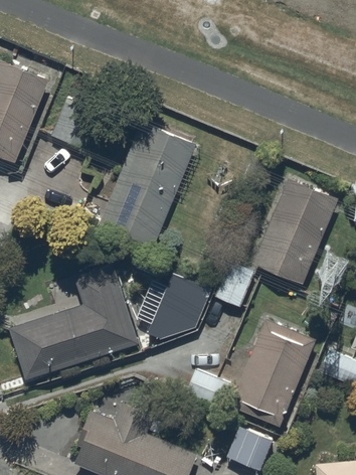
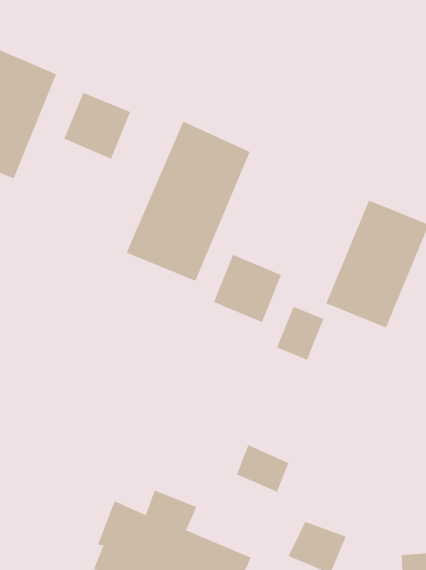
building: [10,271,136,382] -> none
building: [157,276,210,329] -> [213,254,282,323]
building: [231,326,316,431] -> none

